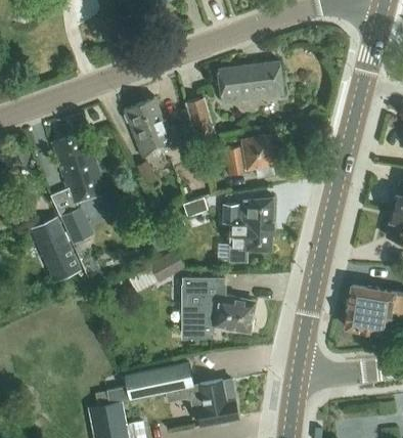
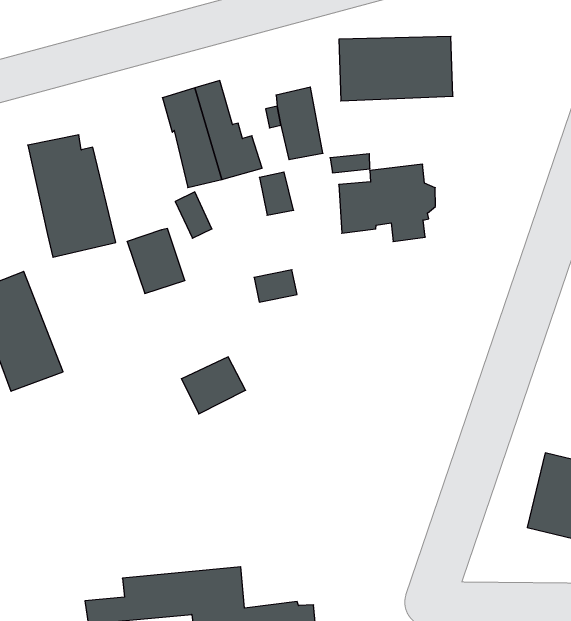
building: [222,199,272,262] -> none
building: [59,207,93,244] -> [127,229,185,293]
building: [181,278,254,339] -> none

